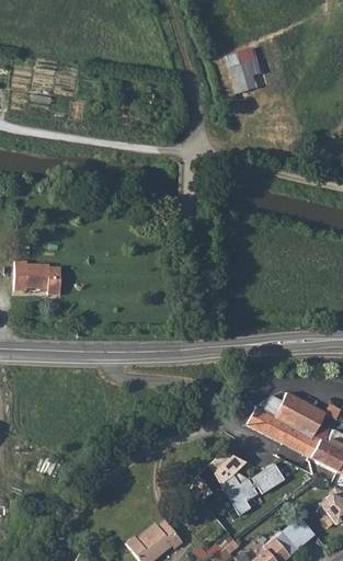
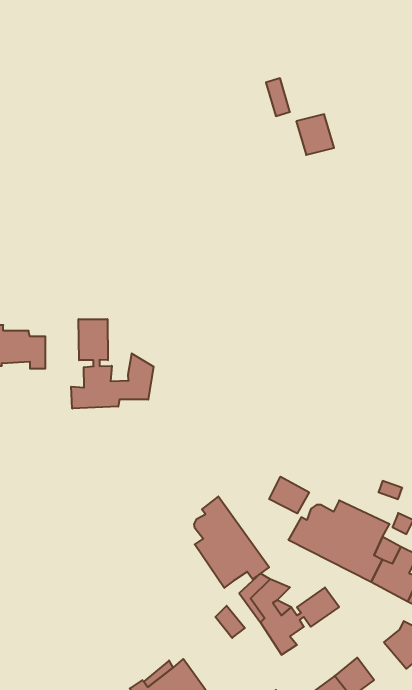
building: [239,59,268,91] -> [296,114,334,155]
building: none -> [71,319,154,409]
building: none -> [269,477,309,513]
building: none -> [194,496,269,588]

